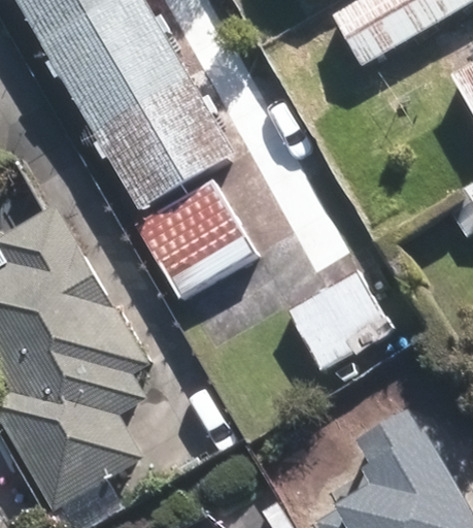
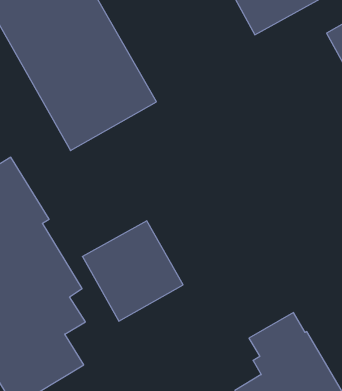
building: [147,170,273,295] -> [82,221,183,321]
building: [288,261,402,374] -> none

